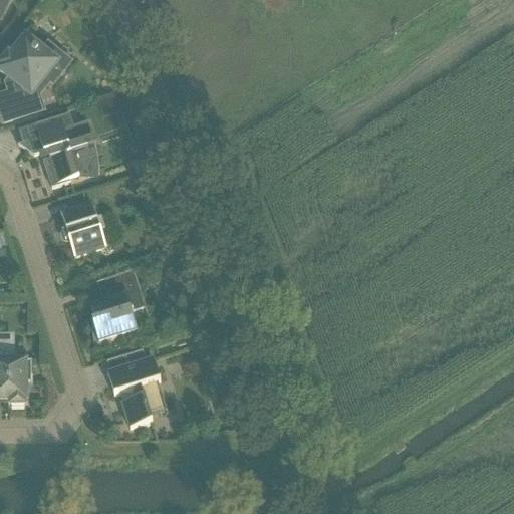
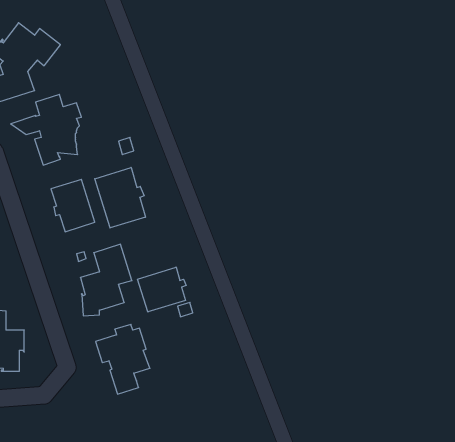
building: none -> [95,167,145,228]
building: none -> [138,267,186,312]

